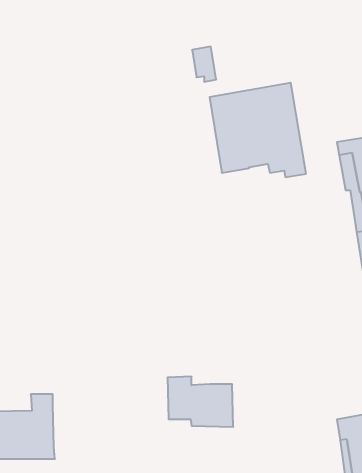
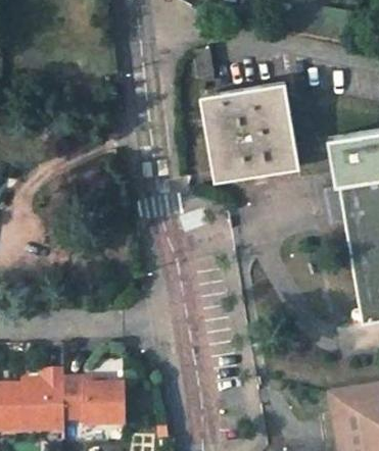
building: none -> [200,95,279,181]
building: [167,377,233,427] -> [62,381,124,428]

